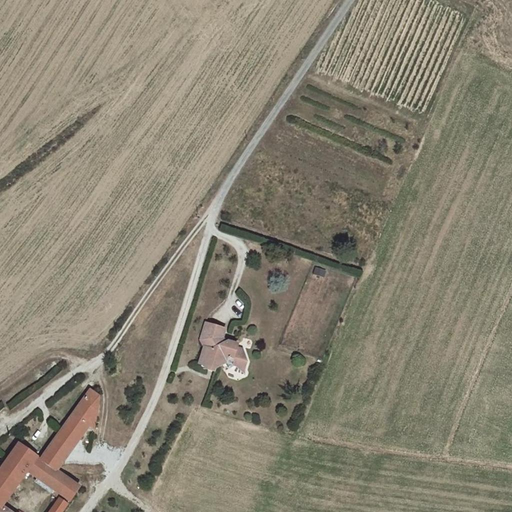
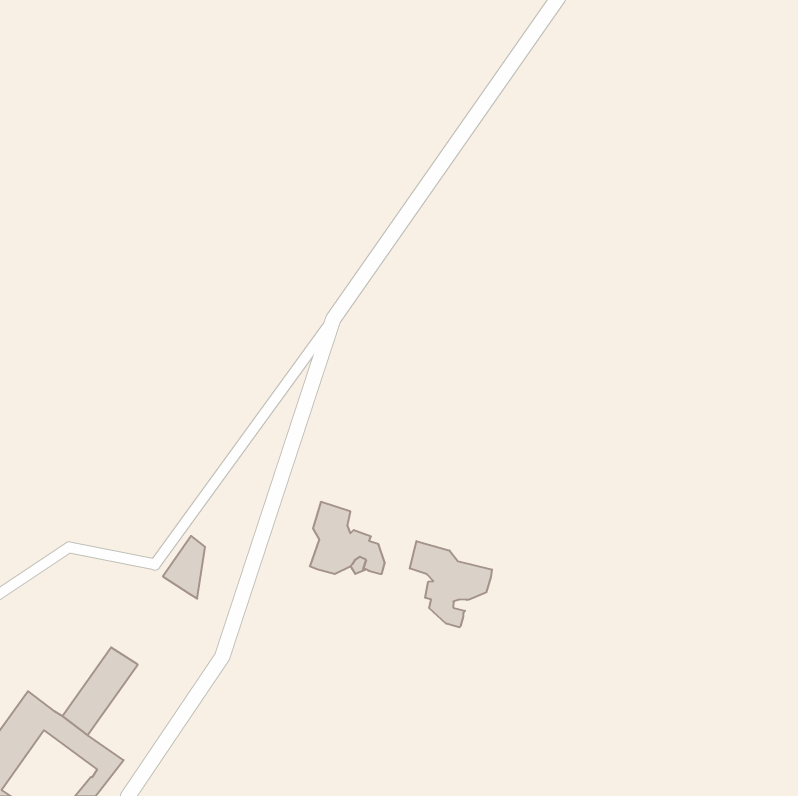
building: none -> [410,541,492,627]
building: [71,388,98,428] -> [163,536,205,599]

